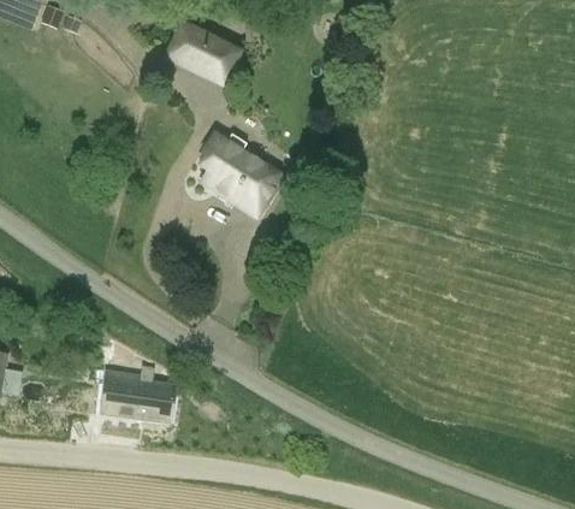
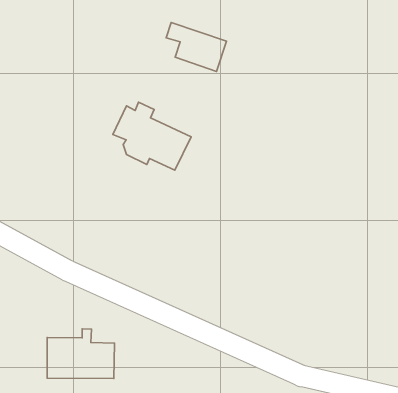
building: [173,24,237,82] -> [166,23,227,72]

